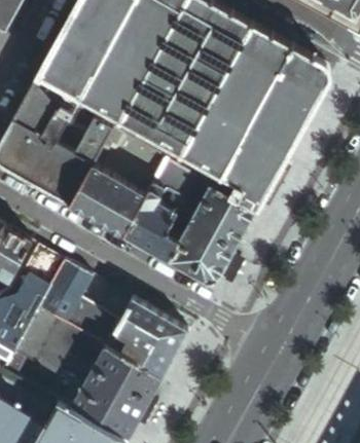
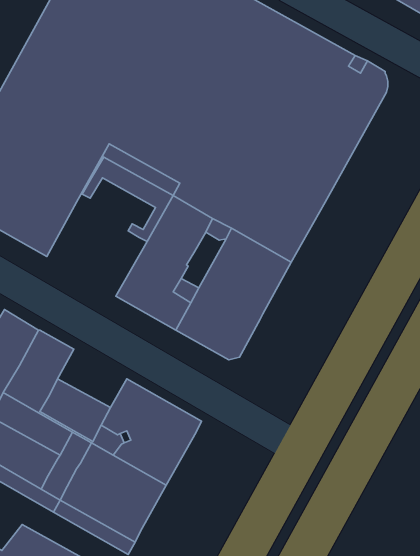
building: [71,164,147,235] -> none

